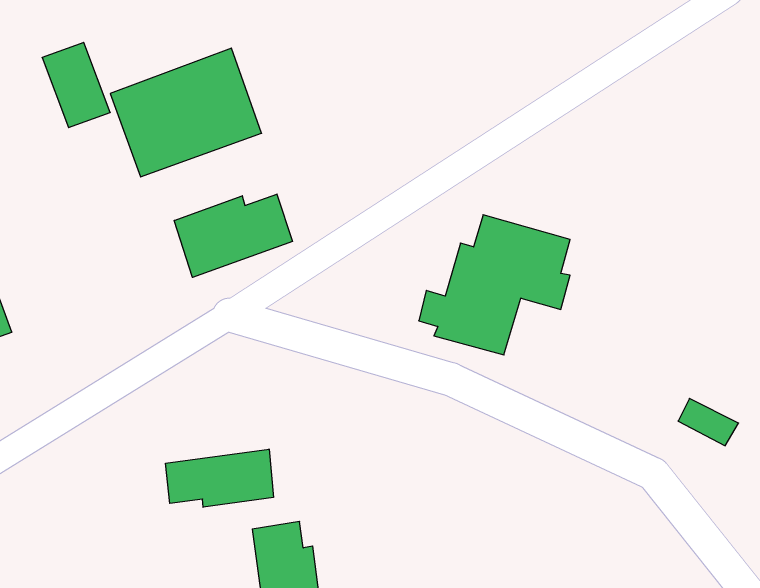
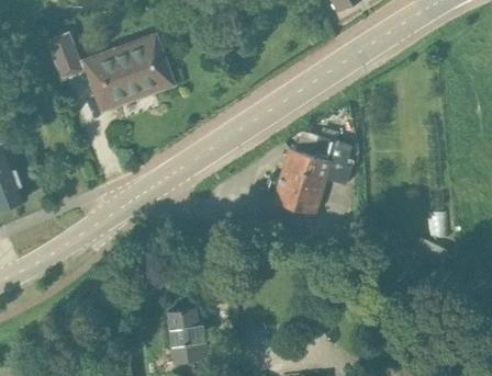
building: [174,194,292,277] -> none
building: [166,449,273,507] -> none

